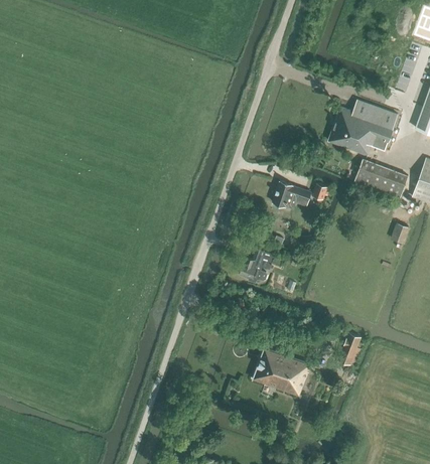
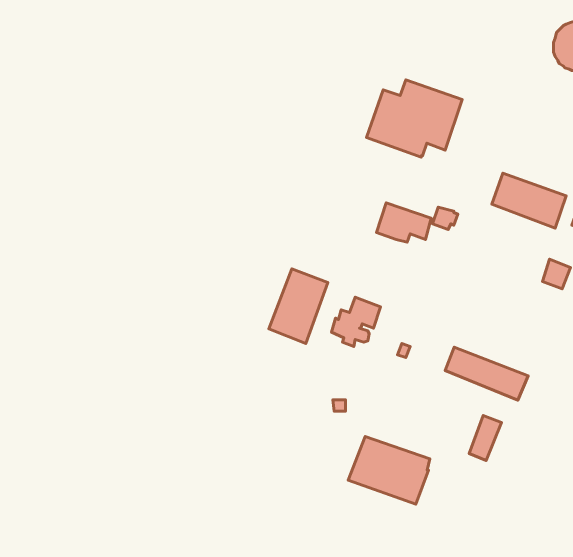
building: [328,100,397,155] -> [366,80,462,157]
building: none -> [269,269,328,343]
building: none -> [445,347,528,400]

